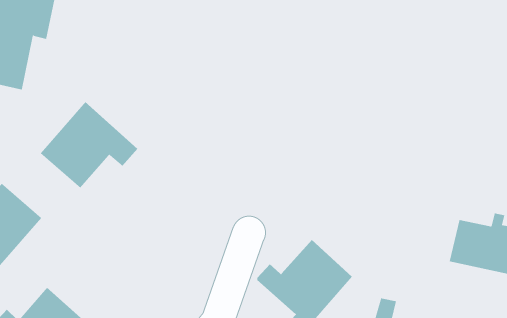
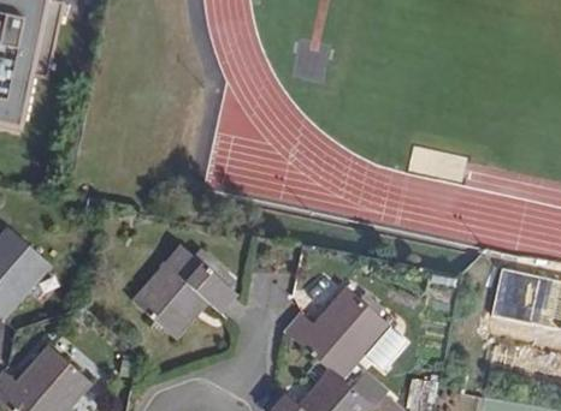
building: [40,101,138,189] -> [129,245,236,340]

